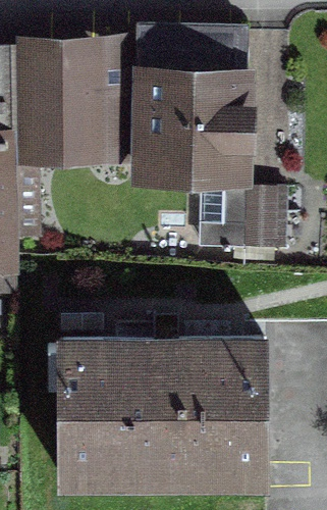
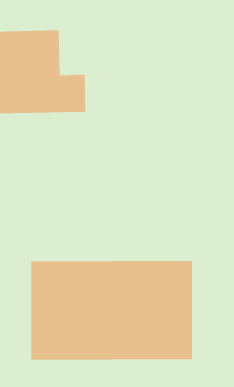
building: [141,41,233,178] -> none
building: [209,196,285,254] -> none

